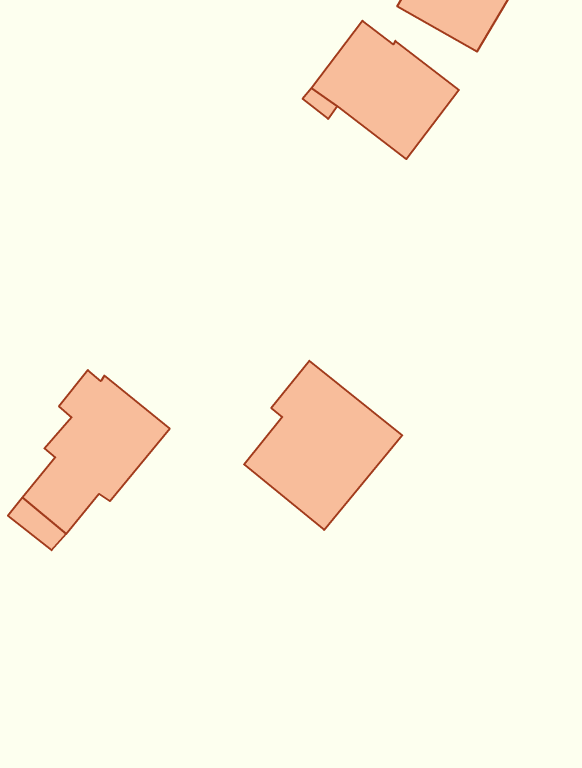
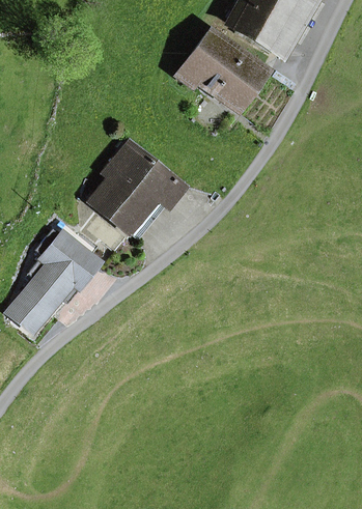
building: [244,361,402,530] -> [92,143,183,239]

